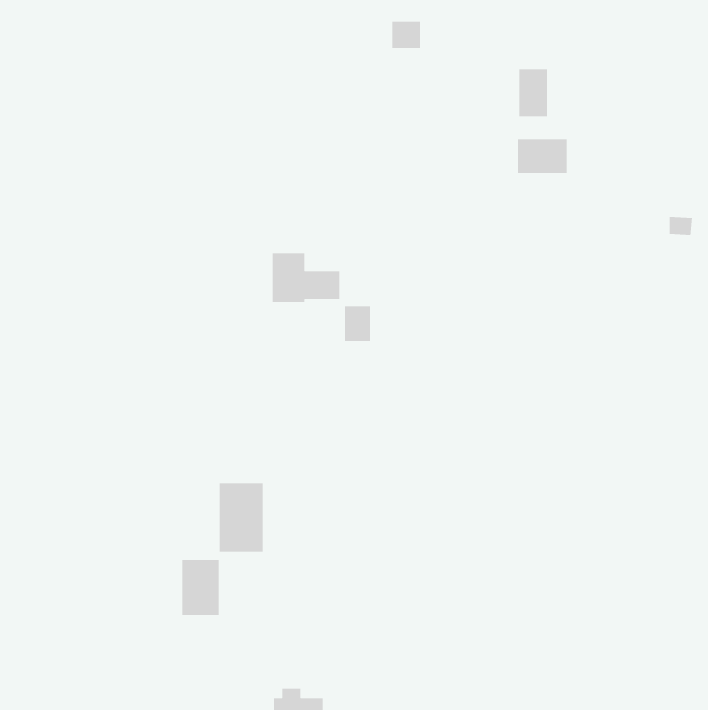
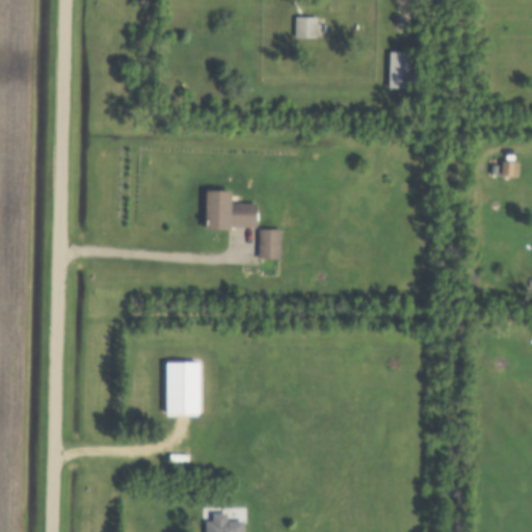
building: [517,139,567,174] -> none
building: [181,559,219,616] -> none

